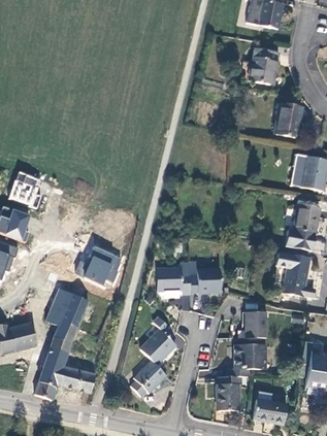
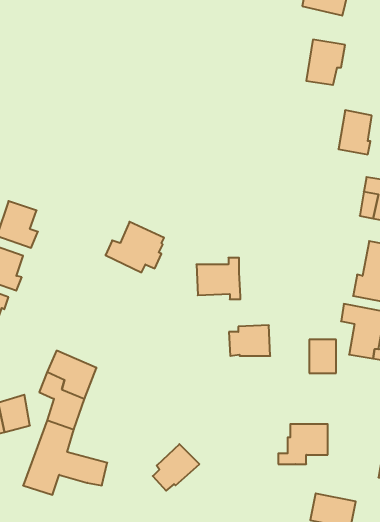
building: [76,244,122,283] -> [105,222,164,272]
building: [157,262,191,294] -> [196,258,240,299]
building: [246,311,266,337] -> [309,340,336,373]
building: [140,314,176,365] -> none
building: [217,375,241,410] -> none

